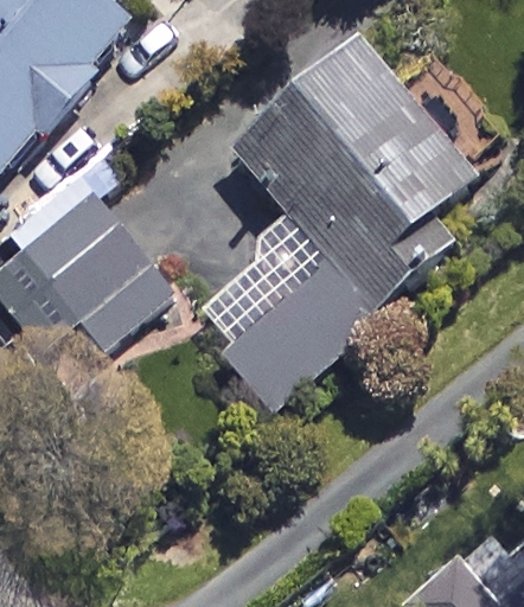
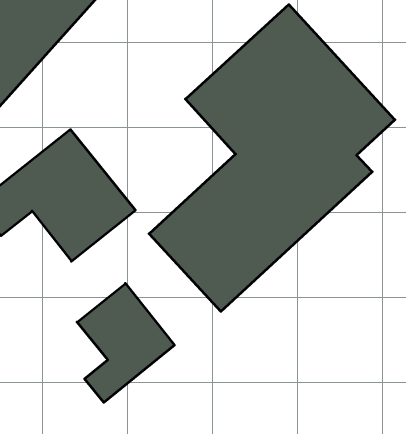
building: none -> [77,283,174,402]

